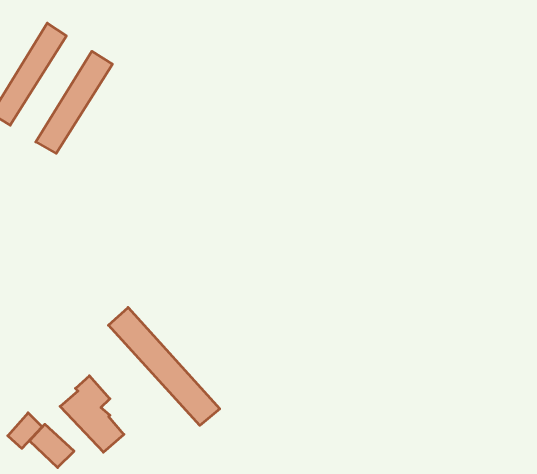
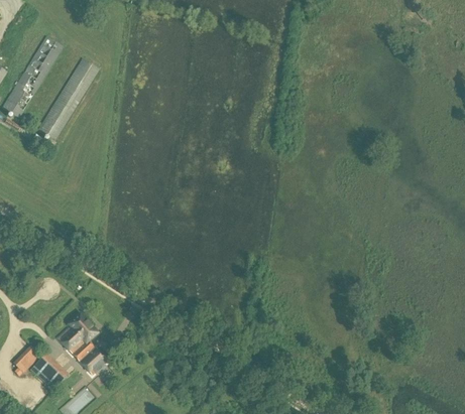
building: [108,307,220,425] -> none

